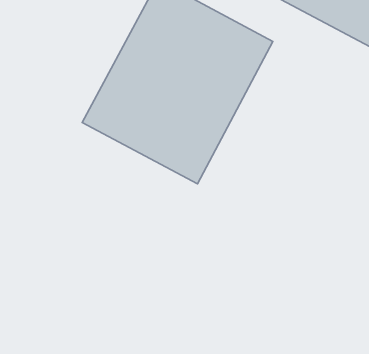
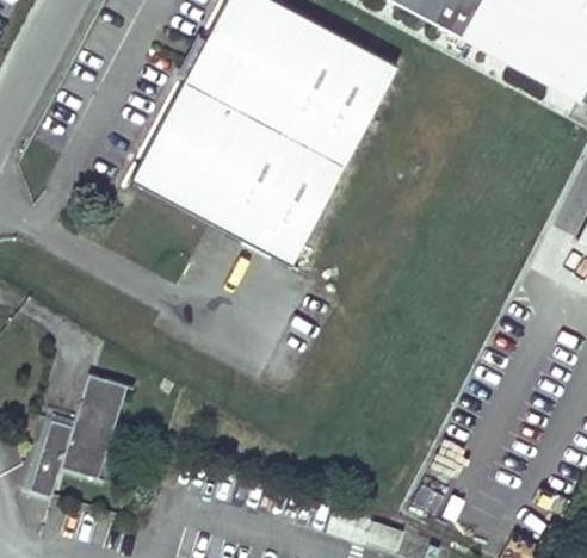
building: none -> [30,374,126,495]

